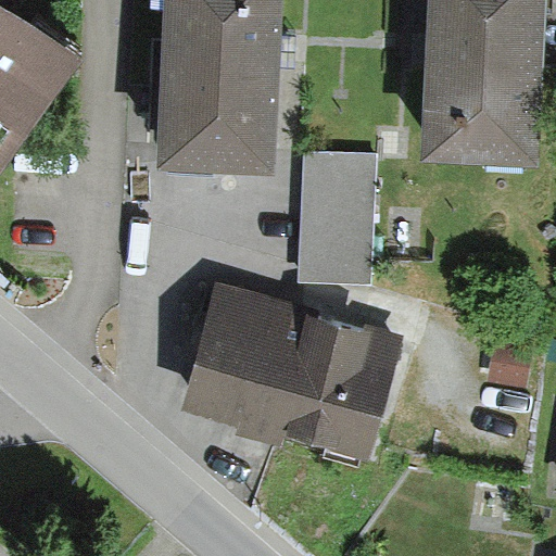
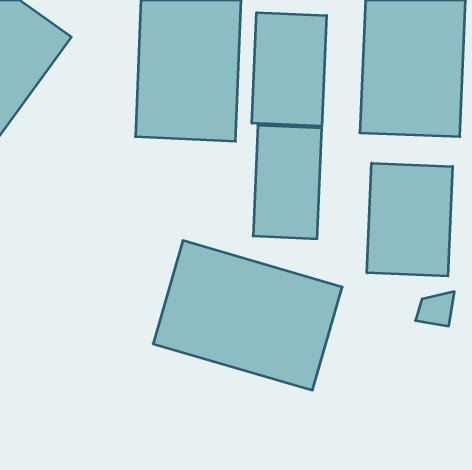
building: none -> [252,13,327,126]
building: none -> [367,163,453,276]

